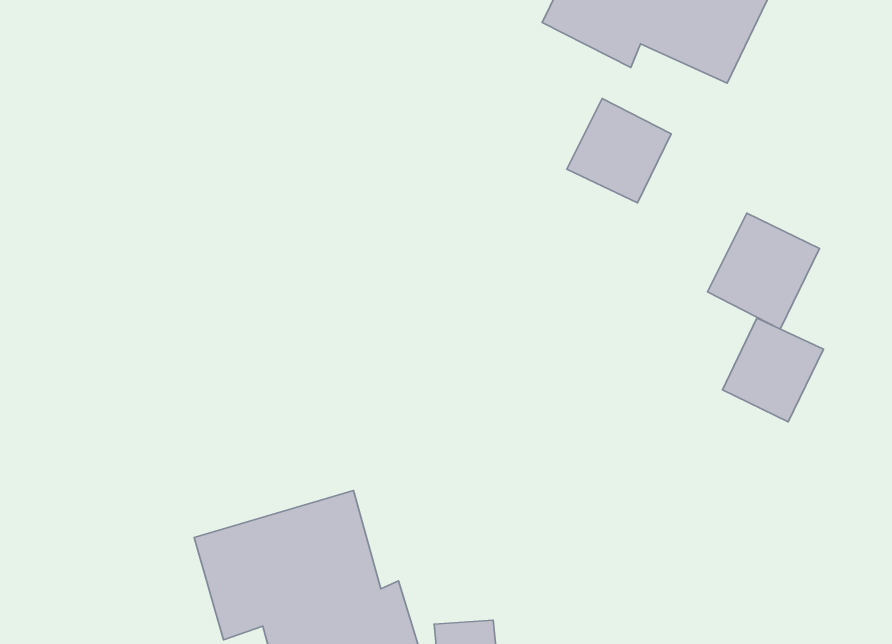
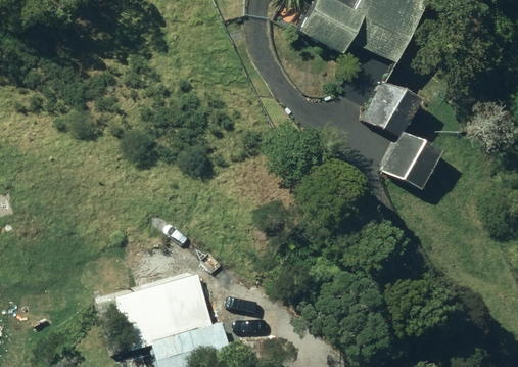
building: [567,98,671,203] -> [363,81,417,135]
building: [723,318,824,422] -> none

